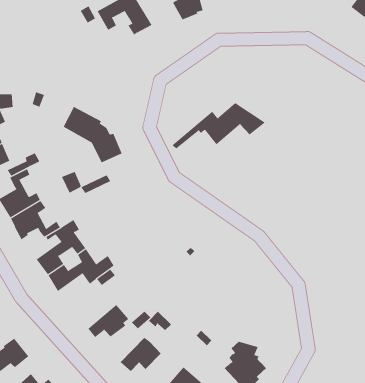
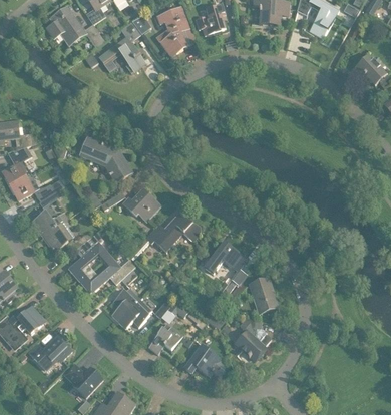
building: [172,103,265,149] -> [127,215,204,259]
building: none -> [122,189,159,222]
building: none -> [204,241,247,301]
building: none -> [110,288,139,322]
building: none -> [250,278,276,314]

